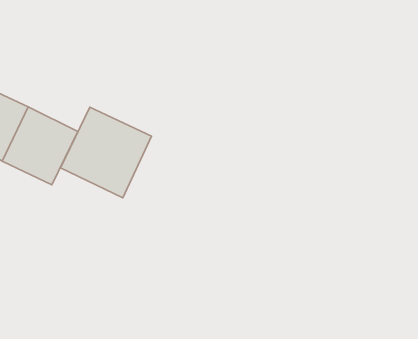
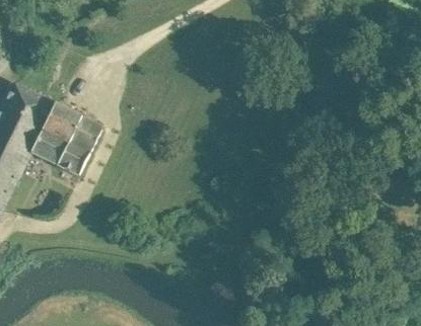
building: [60,107,151,198] -> none

